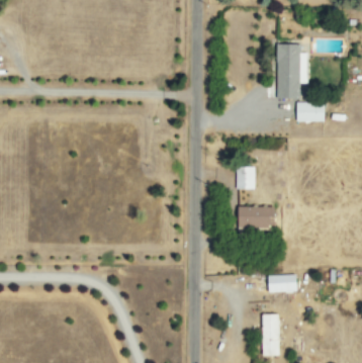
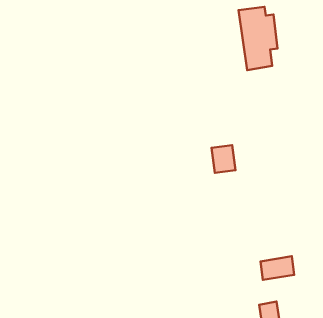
building: [296,102,325,121] -> none
building: [238,206,274,228] -> none

